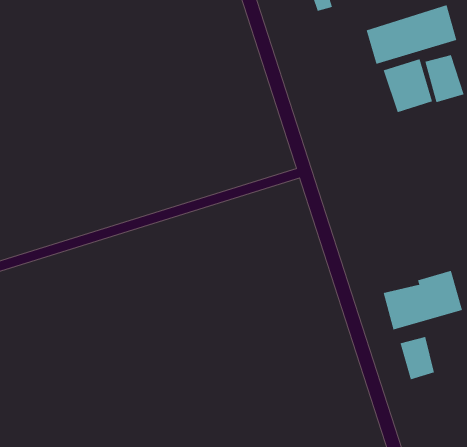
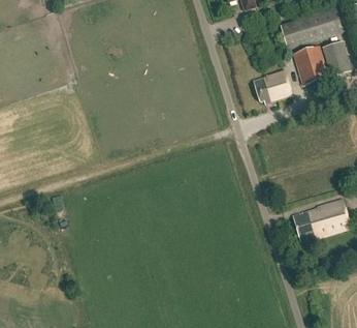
building: none -> [253,68,292,103]
building: [400,336,435,380] -> none

